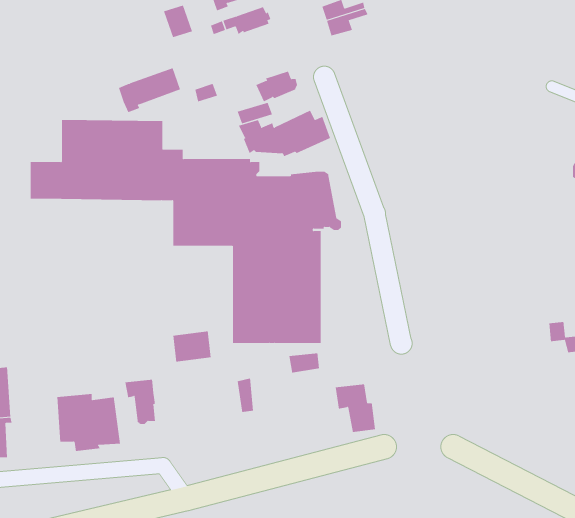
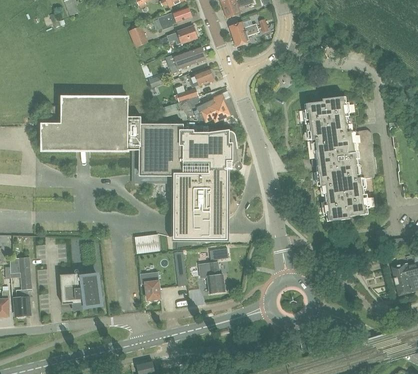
building: [118,68,181,113] -> [165,44,205,73]
building: none -> [304,95,376,221]
building: [124,379,156,425] -> [139,271,159,300]
building: [335,384,376,433] -> [198,261,224,292]

